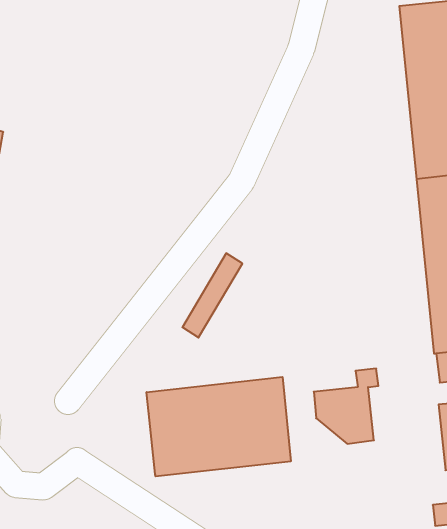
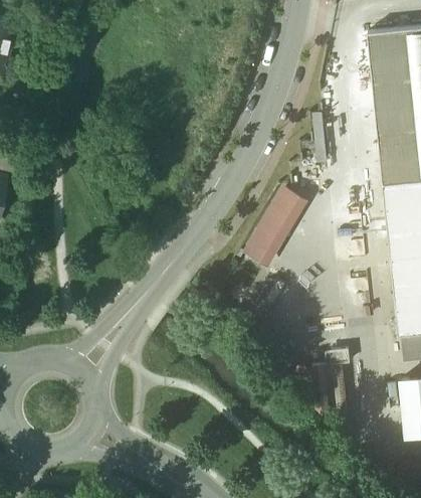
building: [182,253,242,338] -> [247,187,299,261]
building: [147,377,291,476] -> none

